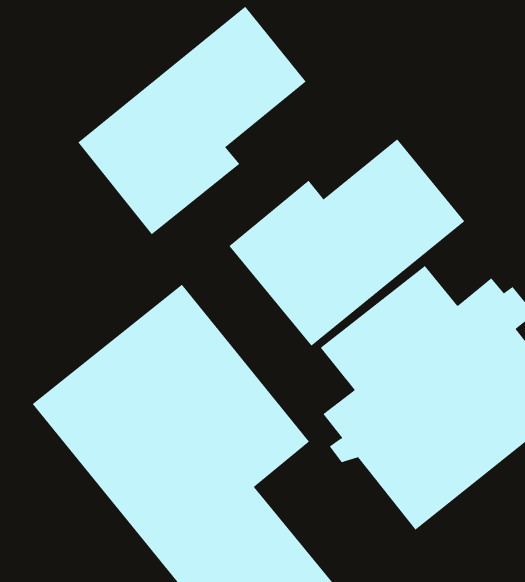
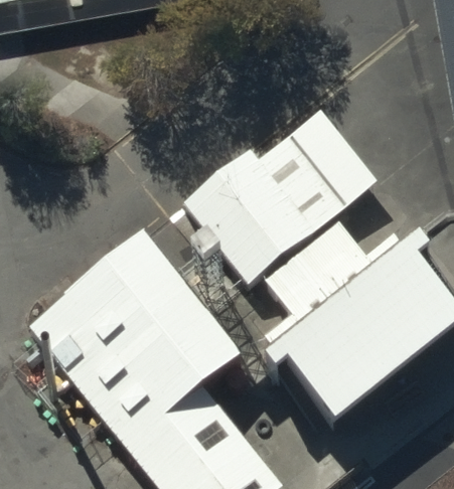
building: [78,6,307,235] -> none

